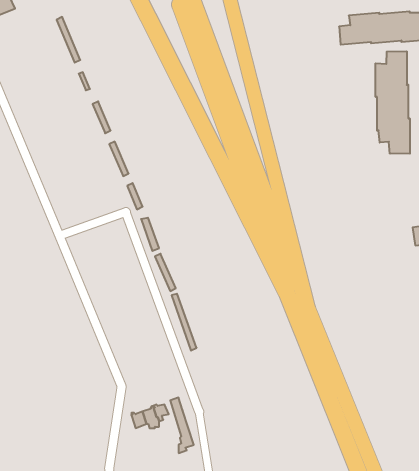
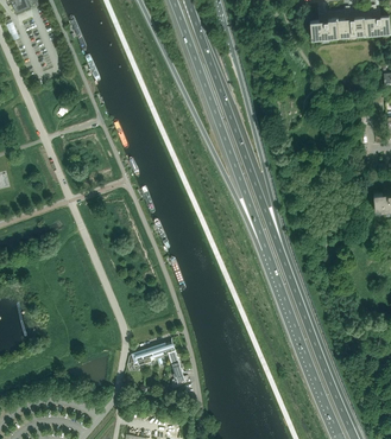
building: [376,51,410,154] -> none

